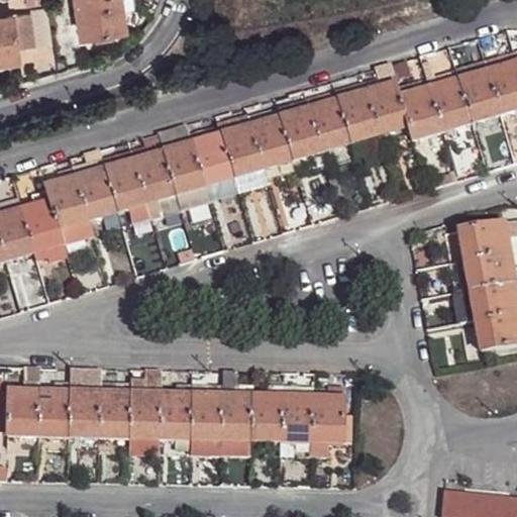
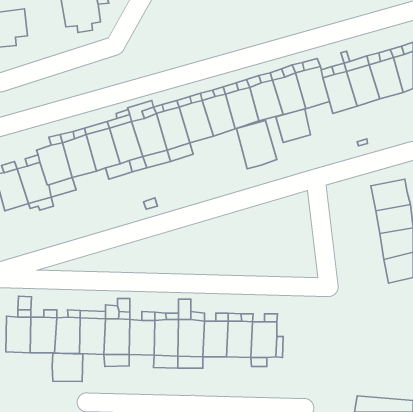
building: none -> [276,109,311,143]
building: none -> [236,120,277,169]
building: none -> [52,353,83,381]

